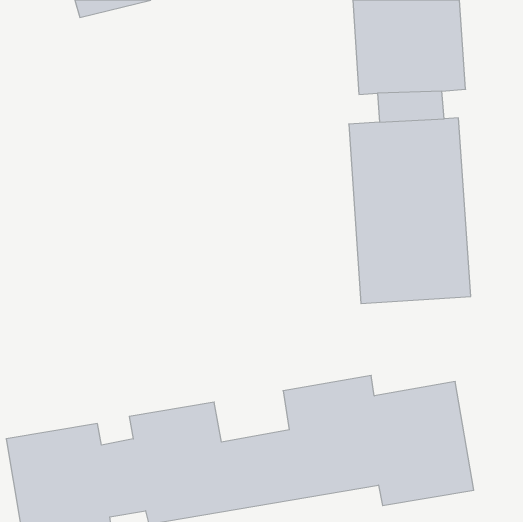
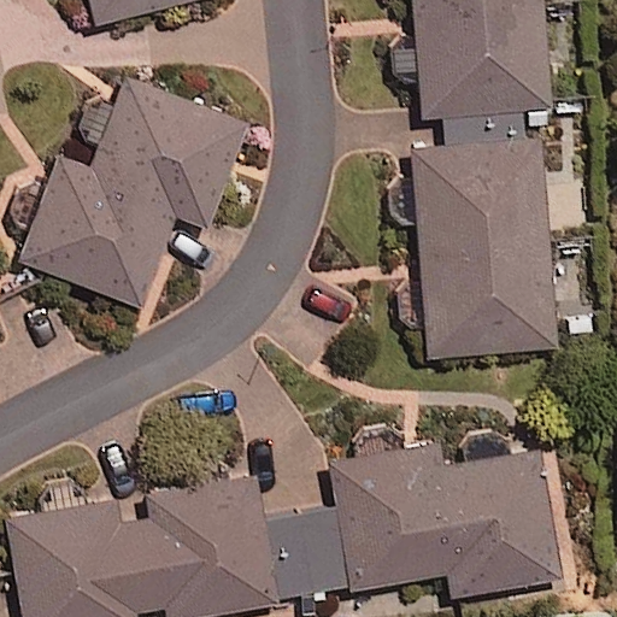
building: none -> [13,77,247,306]

